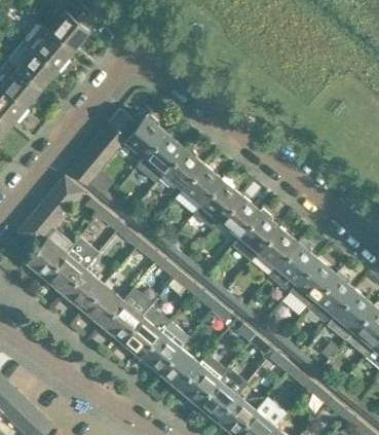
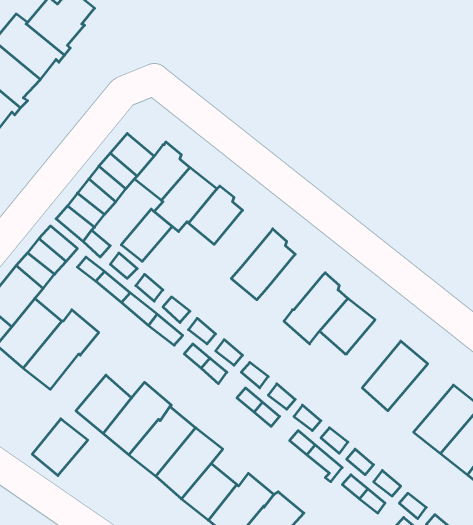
building: none -> [121,209,172,261]
building: [183,165,223,206] -> none
building: [221,196,261,237] -> none
building: [270,242,317,293] -> none
building: [65,268,105,310] -> [32,419,88,476]
building: [308,273,355,325] -> none

